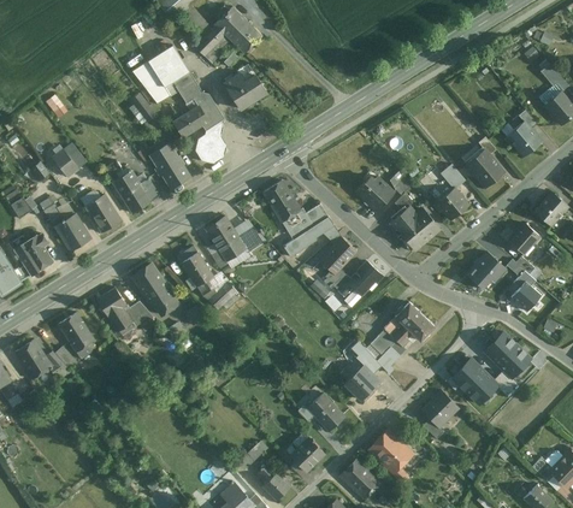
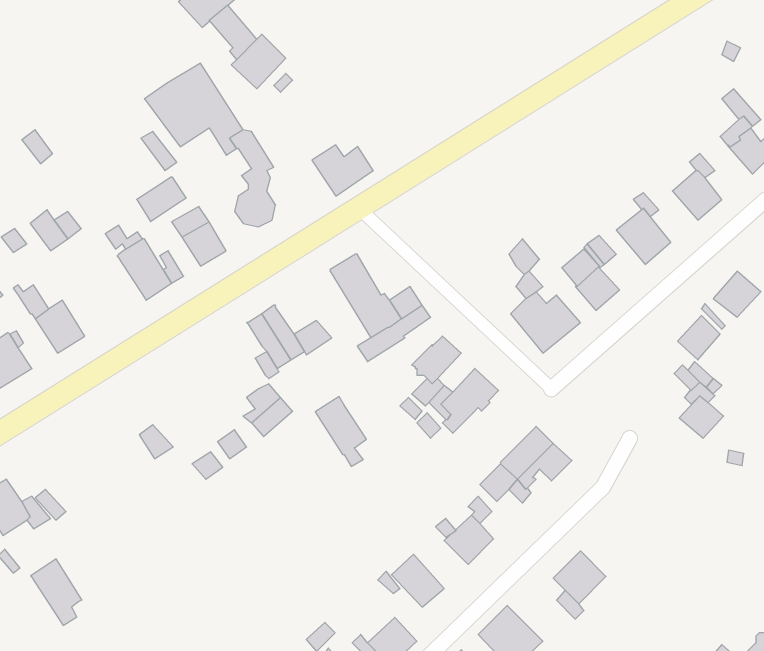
building: [214,7,261,54] -> none
building: [223,73,266,110] -> [312,145,373,196]
building: [173,106,208,137] -> [137,177,186,222]
building: [356,177,395,212] -> none
building: [85,194,122,232] -> none
building: [177,246,213,295] -> [315,397,366,466]
building: [467,252,506,290] -> none
building: [131,264,178,314] -> none
building: [96,288,135,329] -> none
building: [58,312,94,359] -> [31,559,82,625]
building: [444,332,532,404] -> none

